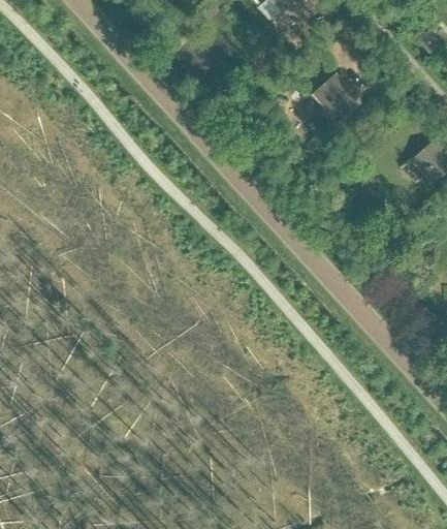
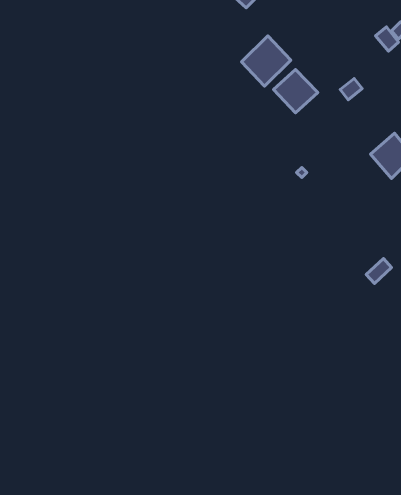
building: none -> [242,36,291,86]

